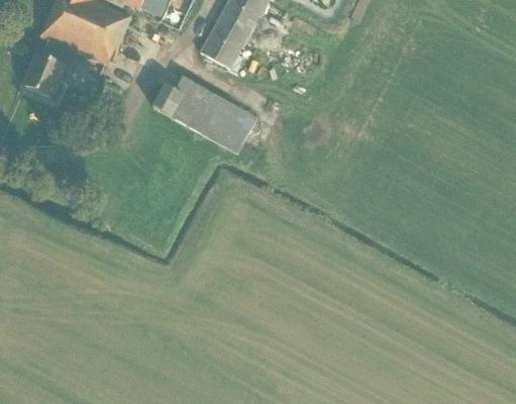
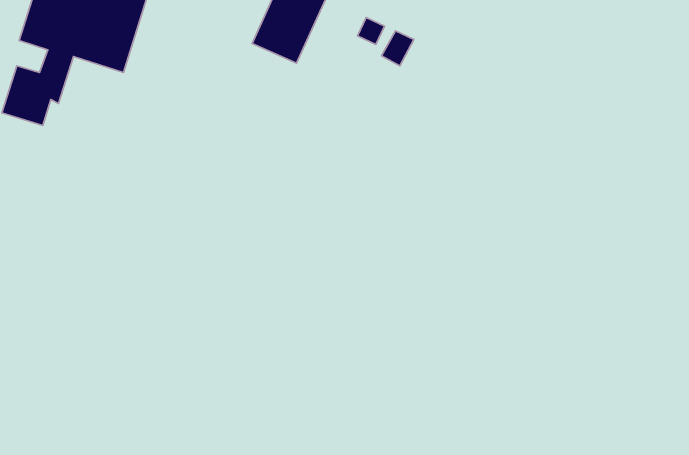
building: [152,77,257,154] -> none

